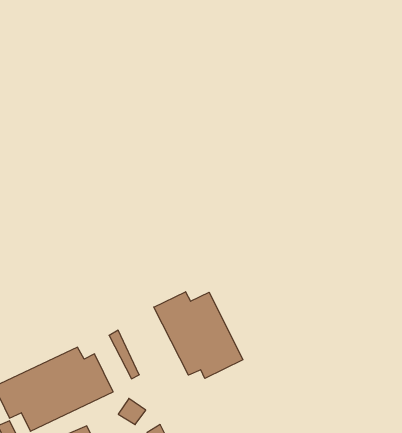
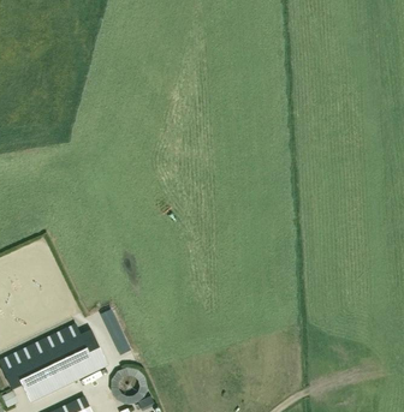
building: [154,292,243,378] -> none

